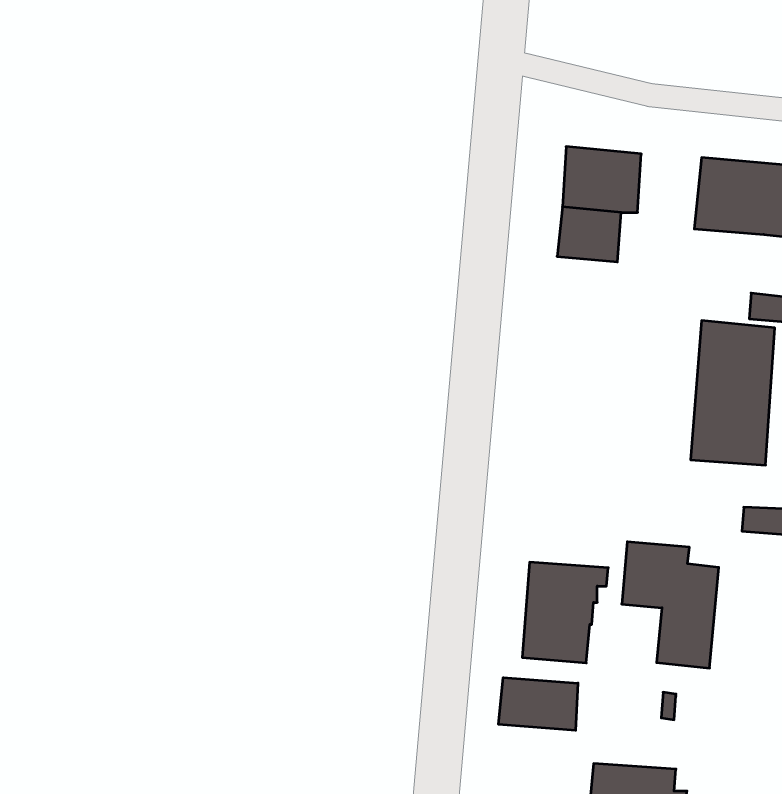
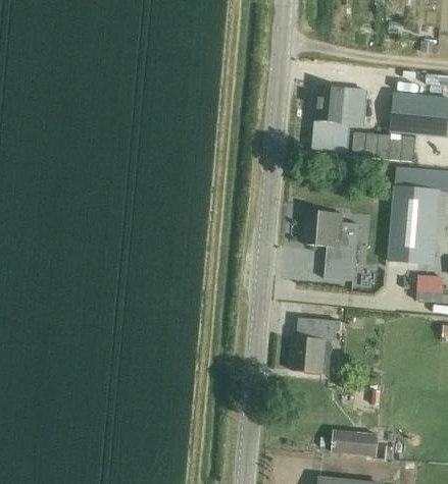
building: none -> [351,131,415,161]
building: [622,542,719,668] -> [305,209,359,279]
building: [499,678,578,730] -> none

